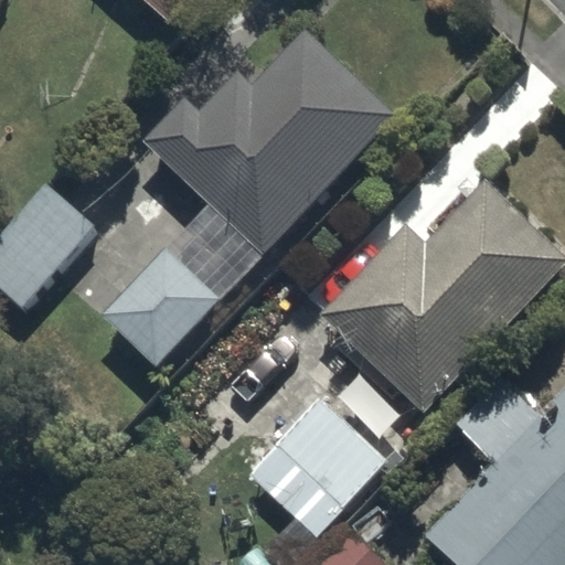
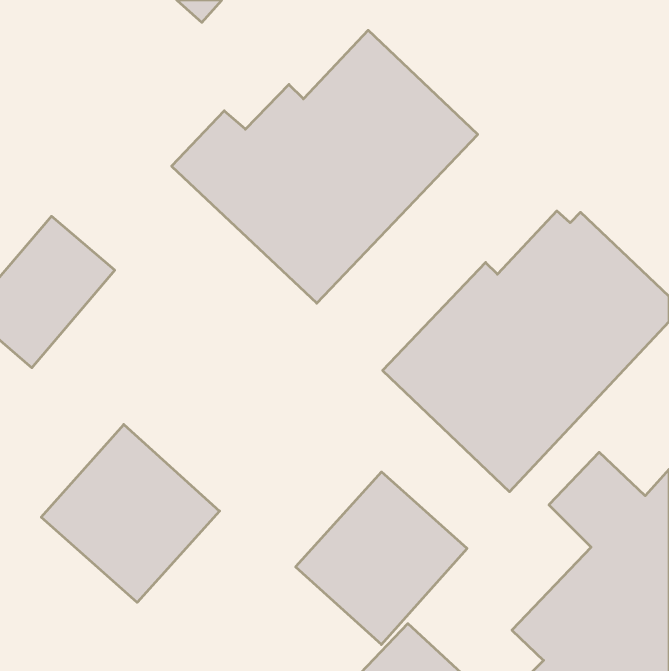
building: [100,246,222,367] -> none
building: none -> [41,424,220,602]

